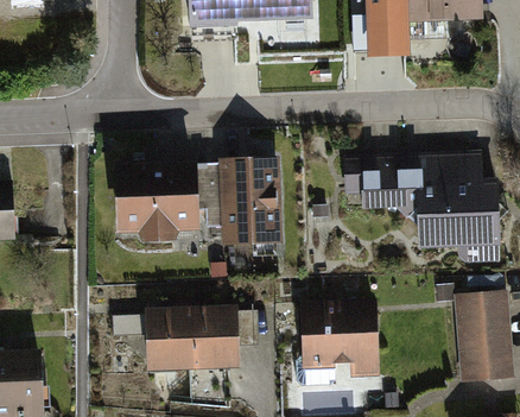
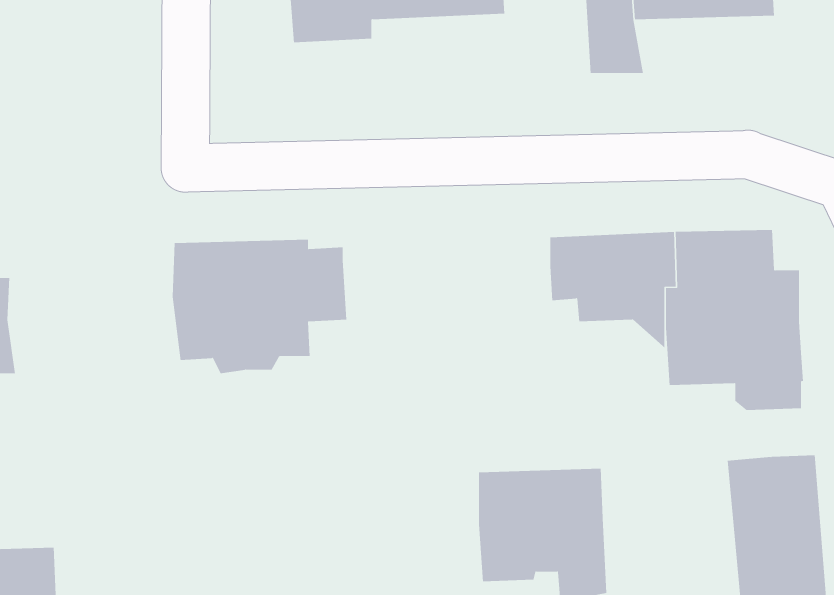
building: [217,154,283,245] -> none
building: [113,304,239,372] -> none

